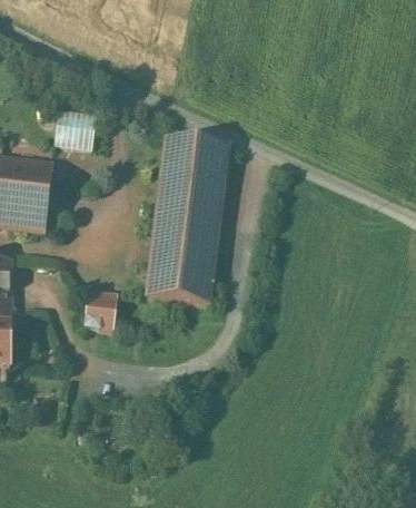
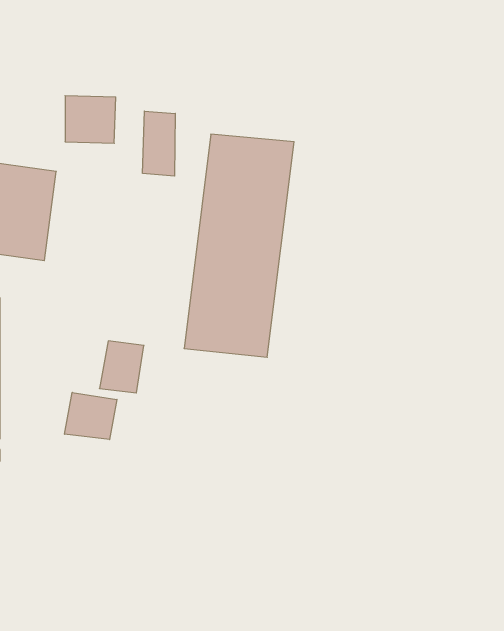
building: none -> [143,111,175,176]
building: none -> [65,392,117,440]

